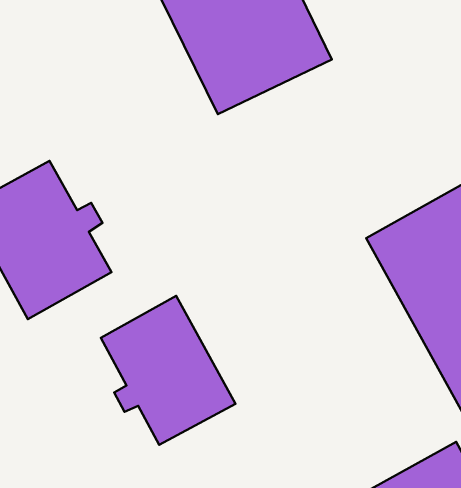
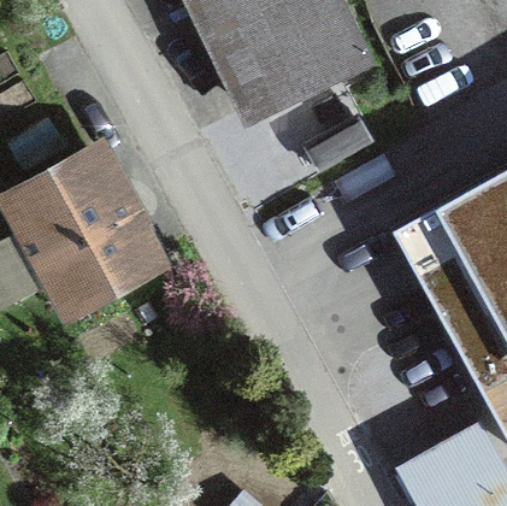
building: [101,296,236,445] -> none

